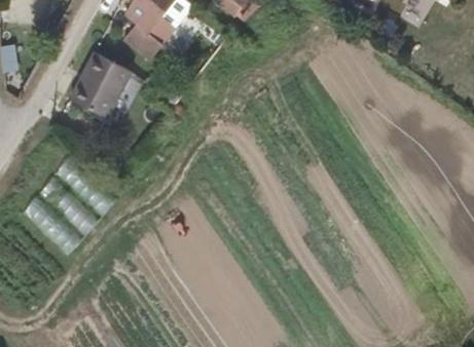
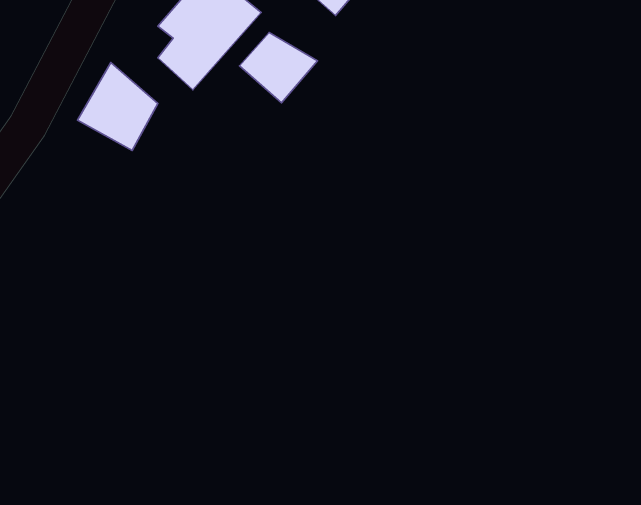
building: none -> [239,33,317,103]

